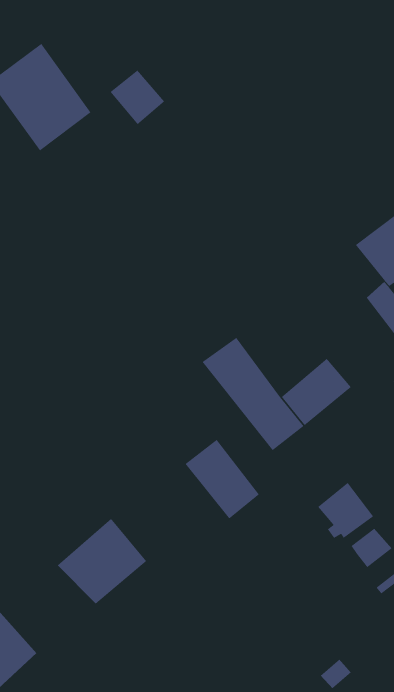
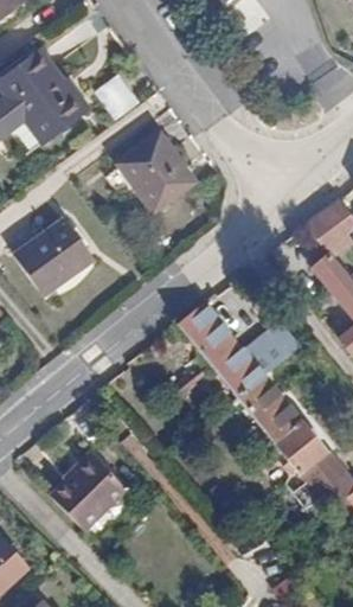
building: none -> [118,132,194,209]
building: none -> [15,219,94,294]
building: [185,439,260,520] -> [237,376,301,445]

